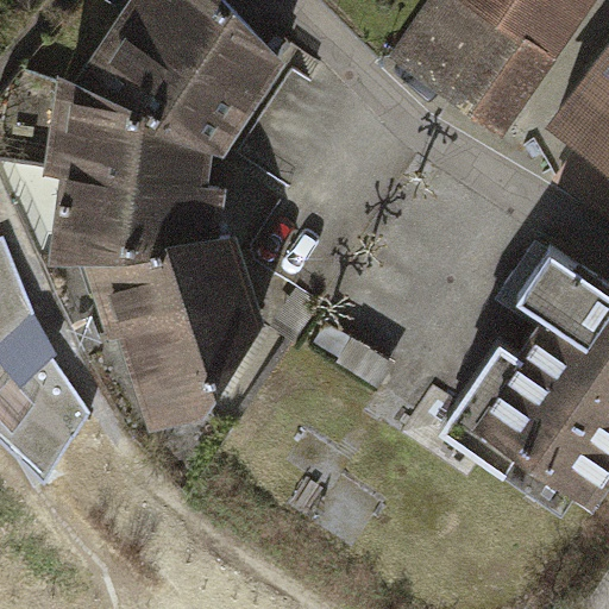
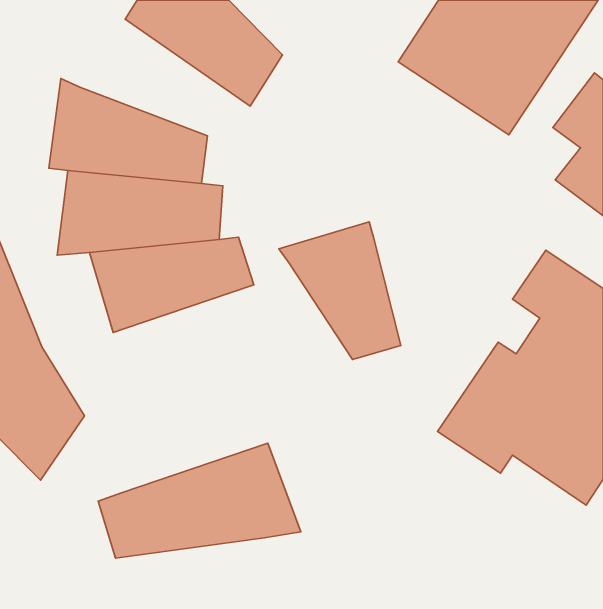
building: [80,19,250,143] -> none
building: none -> [279,222,401,360]
building: [124,284,264,423] -> none
building: none -> [98,443,301,558]

